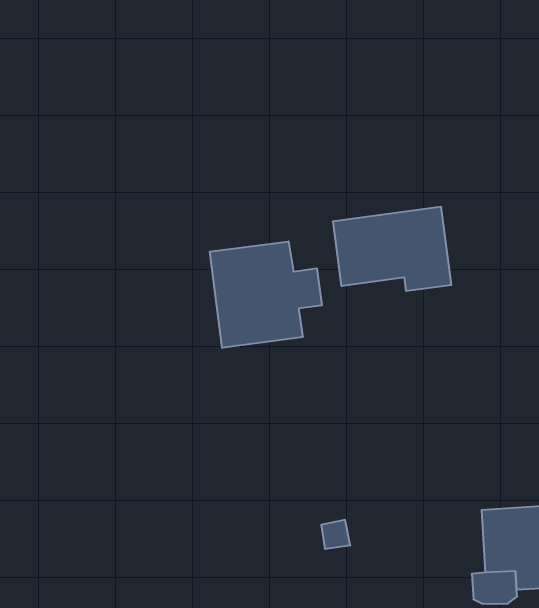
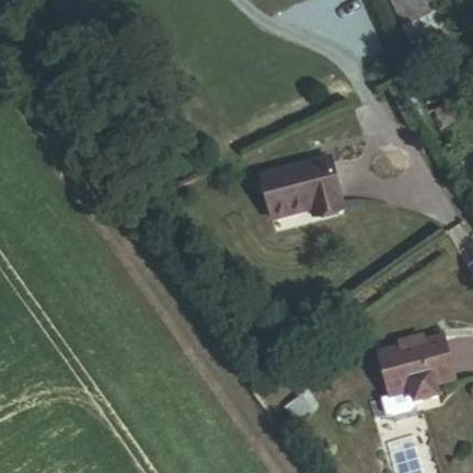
building: [210,241,322,348] -> none

